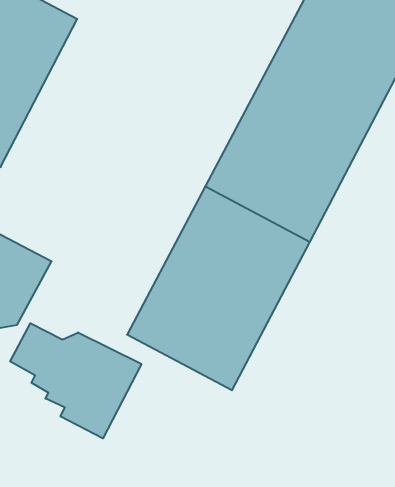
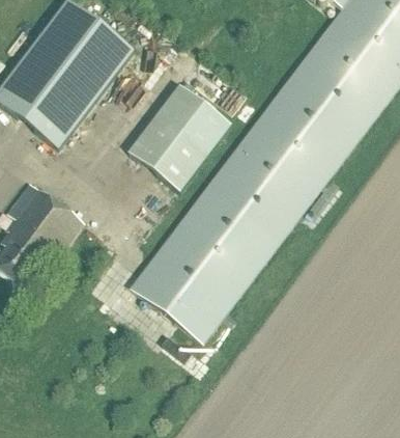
building: none -> [128,83,231,190]
building: [10,323,141,438] -> none

